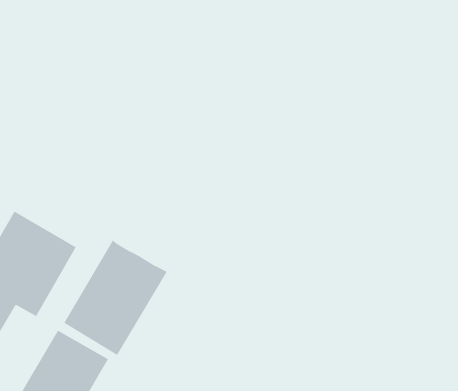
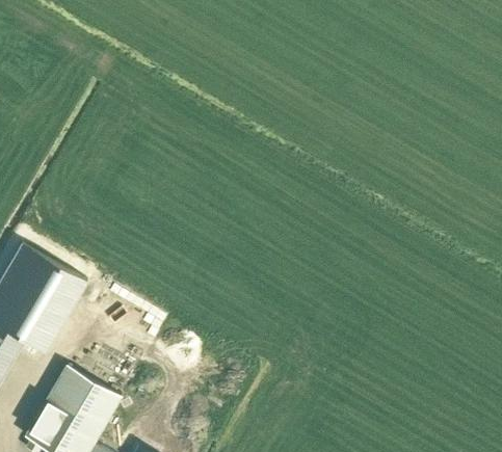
building: [64,239,167,356] -> none

